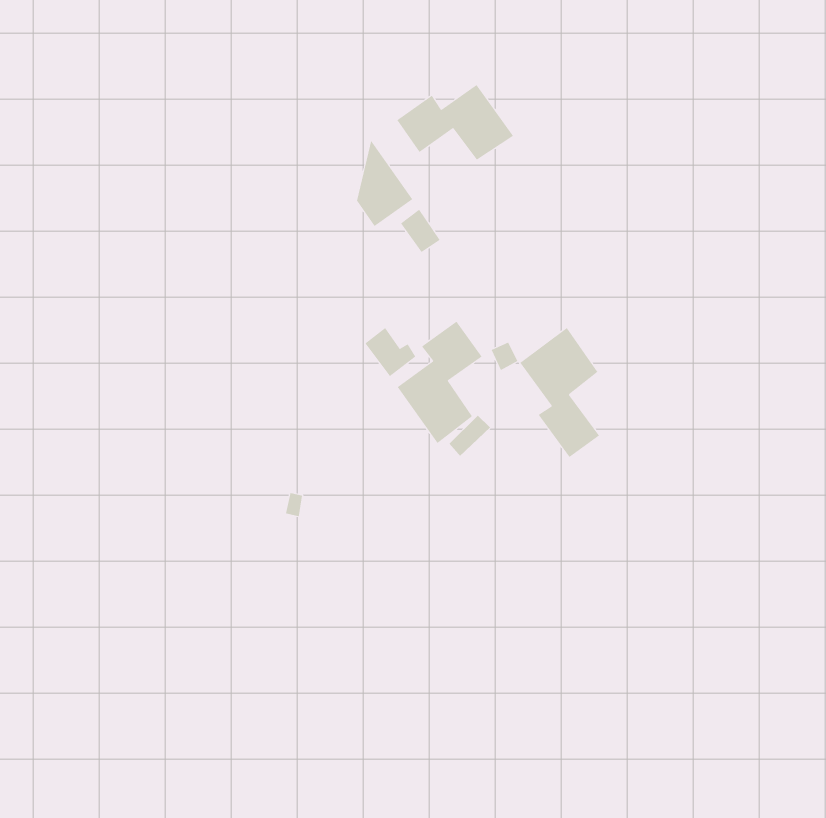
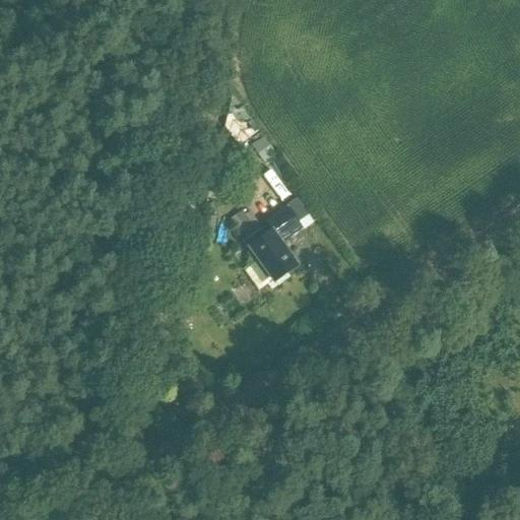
building: [396,84,514,161] -> none
building: [519,327,600,458] -> none

